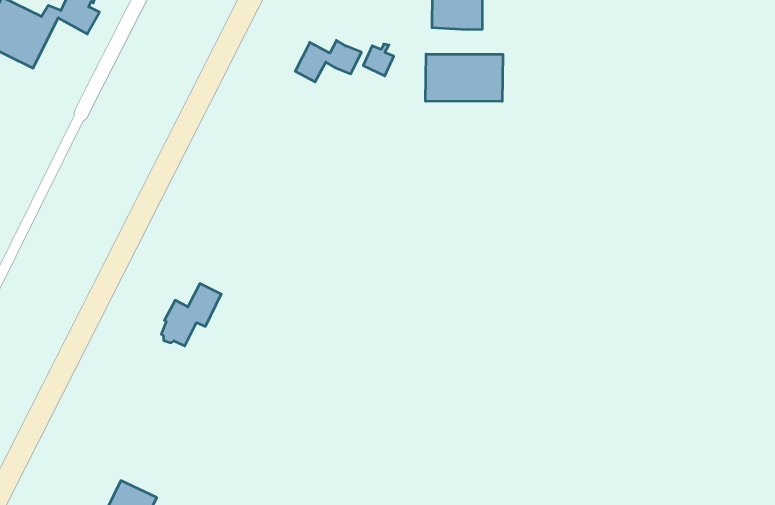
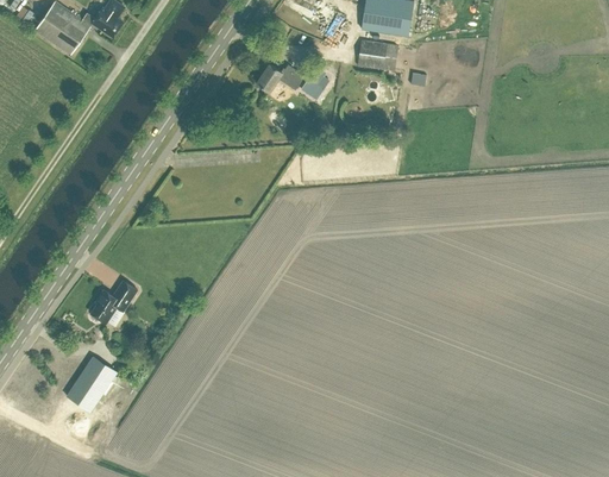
building: [426,54,503,101] -> none
building: [161,284,221,346] -> [90,280,137,322]

